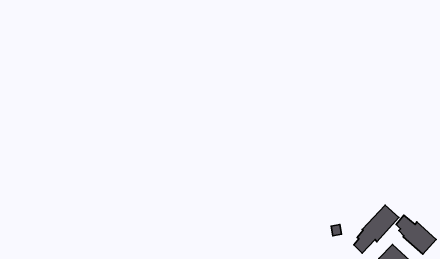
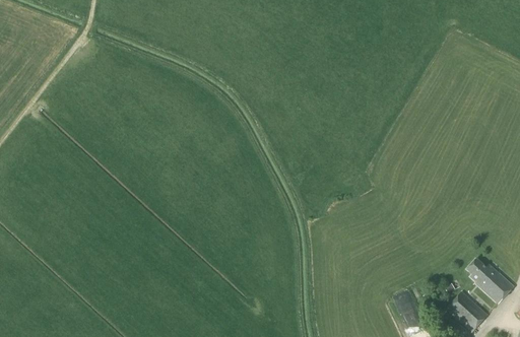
building: [354,205,399,253] -> none

